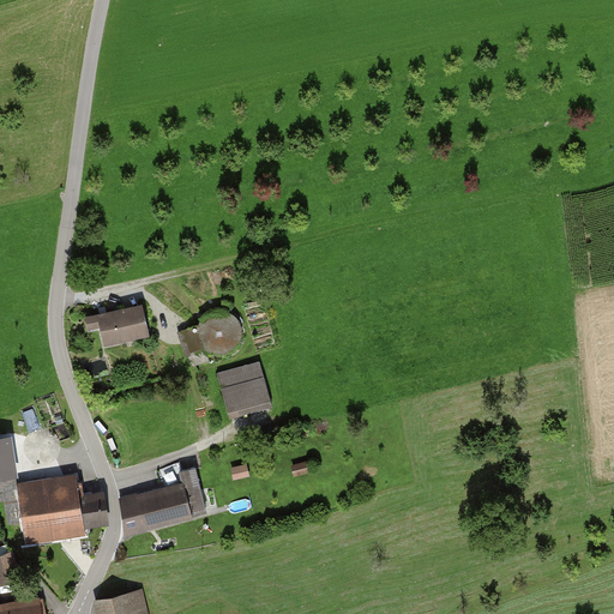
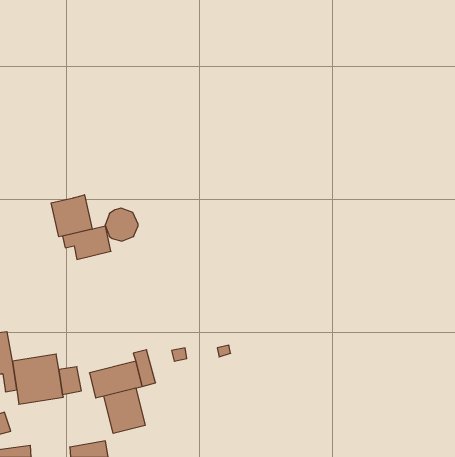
building: none -> [51,195,92,237]
building: [197,309,241,354] -> [105,208,138,241]
building: [215,360,270,414] -> none
building: none -> [104,388,145,433]

